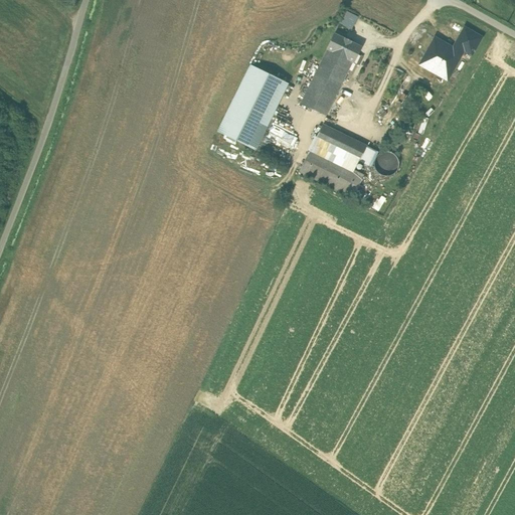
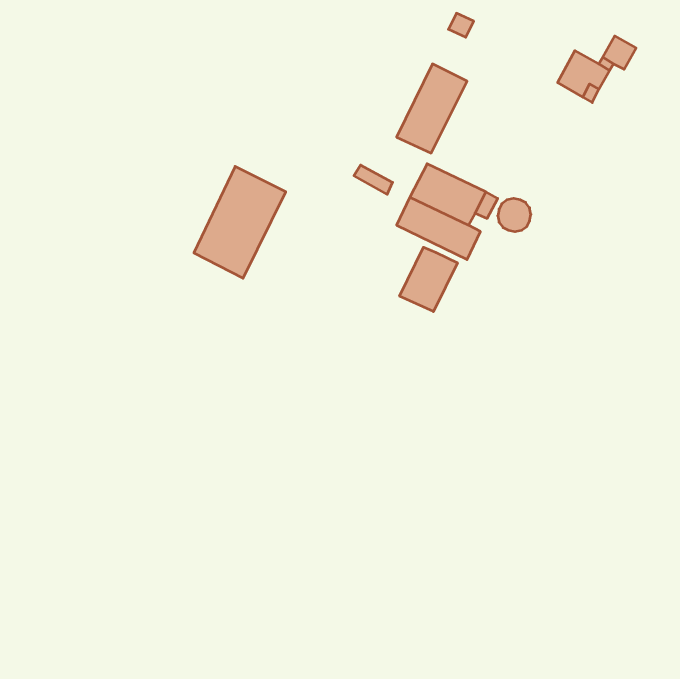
building: [326,32,361,61] -> none
building: [218,64,288,149] -> [194,166,286,278]
building: none -> [400,247,457,312]

